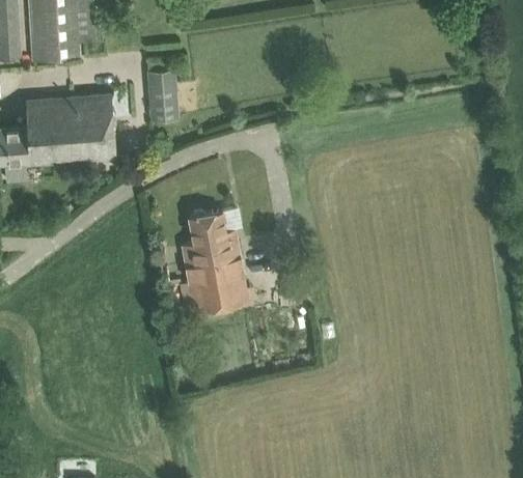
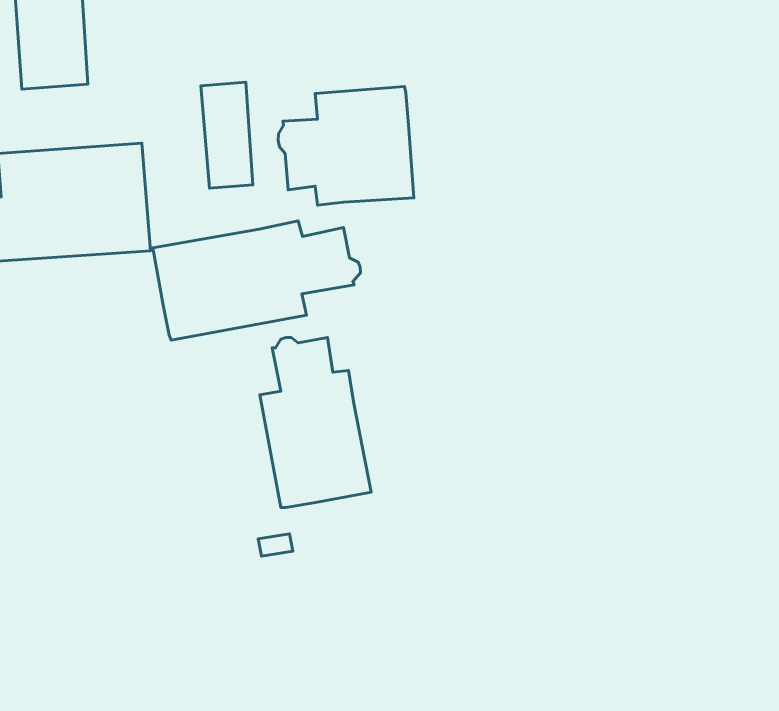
building: none -> [278,87,414,205]
building: none -> [153,221,360,340]

